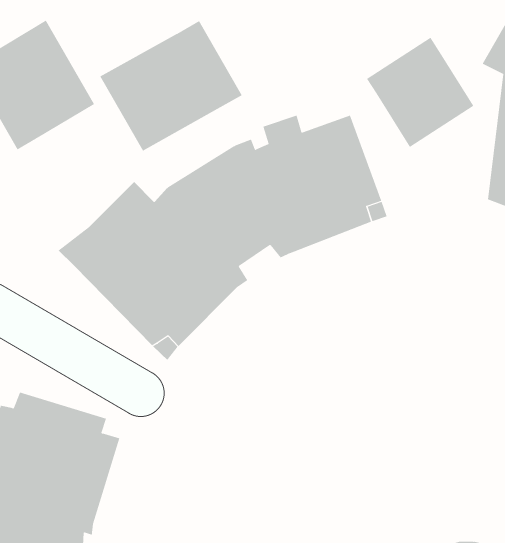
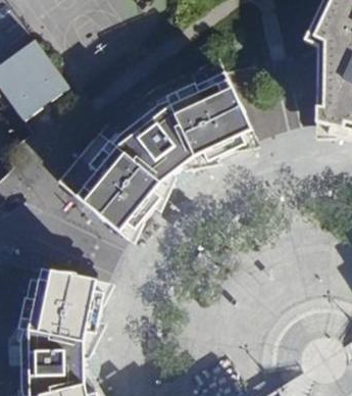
building: [100,20,243,152] -> none
building: [366,37,474,148] -> none

